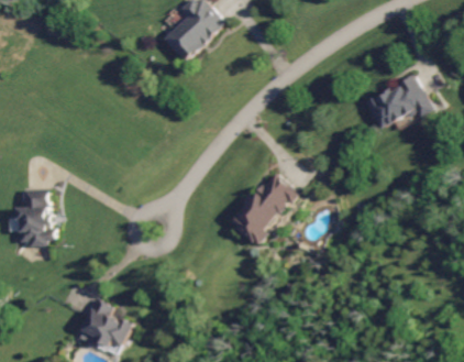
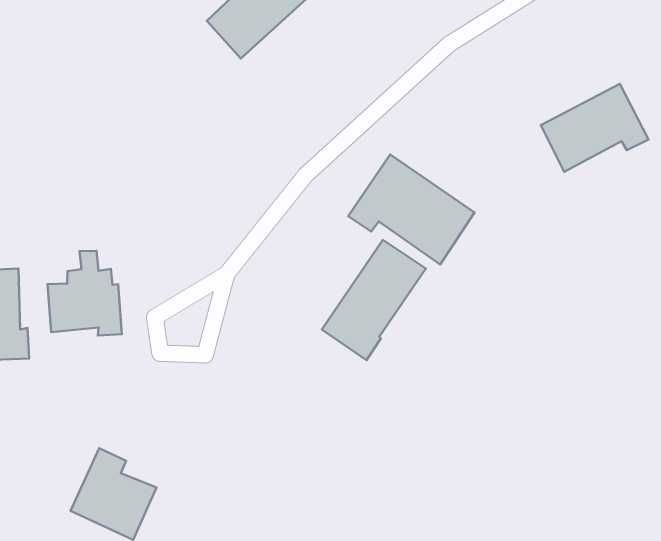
building: none -> [348,154,474,264]
building: none -> [48,251,122,336]

